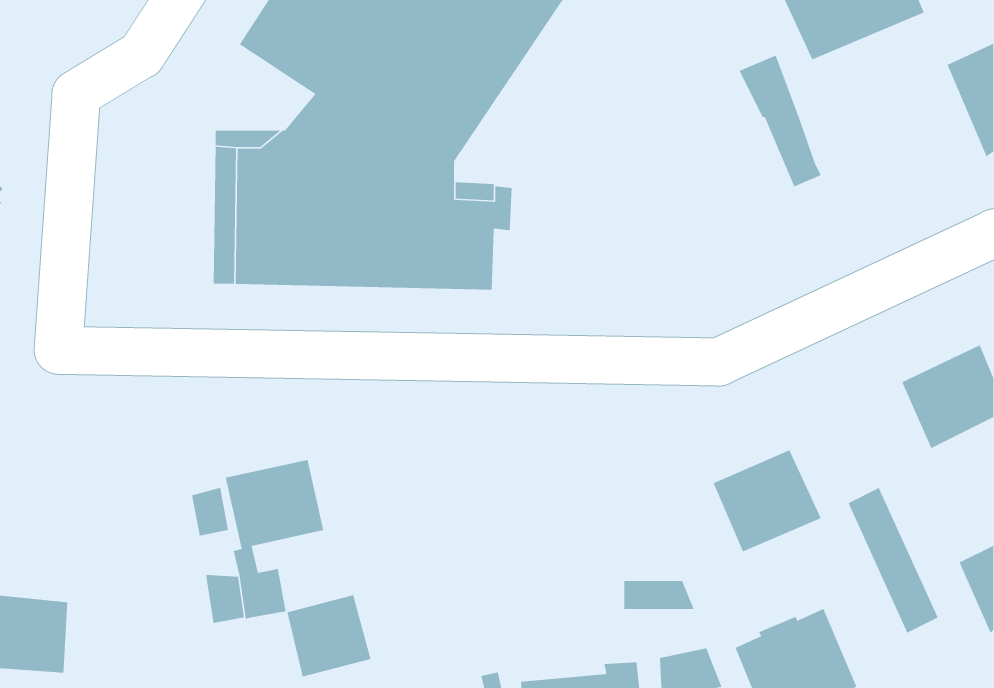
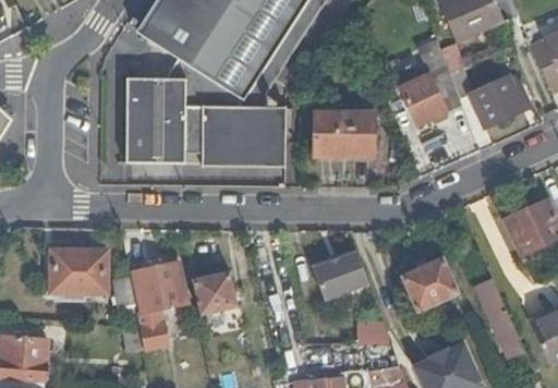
building: none -> [448,66,521,126]
building: none -> [398,73,445,124]
building: none -> [314,112,376,158]
building: none -> [49,247,107,299]
building: none -> [313,252,368,299]
building: [286,594,372,677] -> [191,268,238,314]

